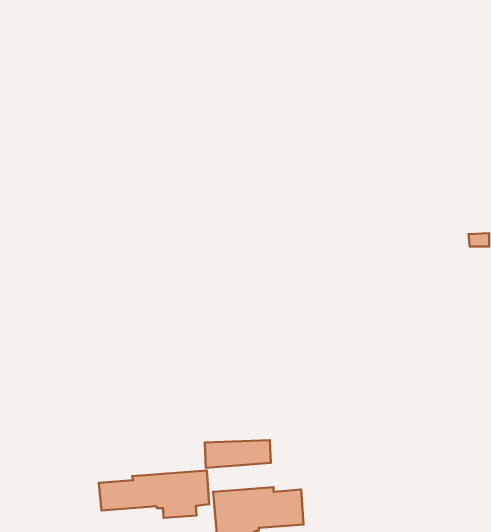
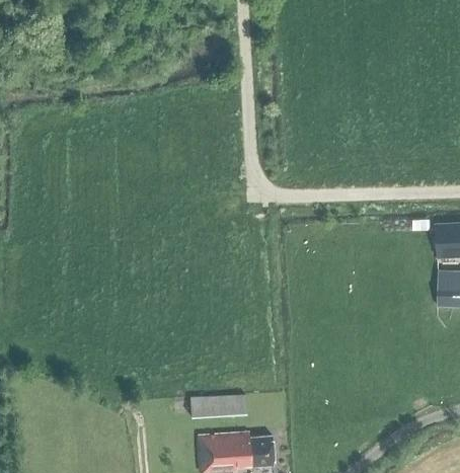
building: [99,470,209,518] -> none

